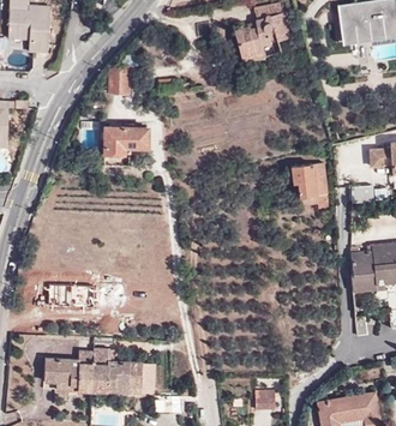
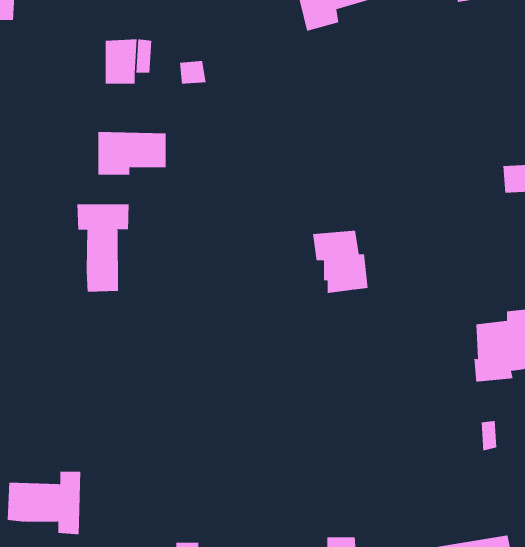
building: [290,164,328,206] -> [312,230,369,294]
building: none -> [77,204,129,292]
building: [91,350,142,392] -> none

